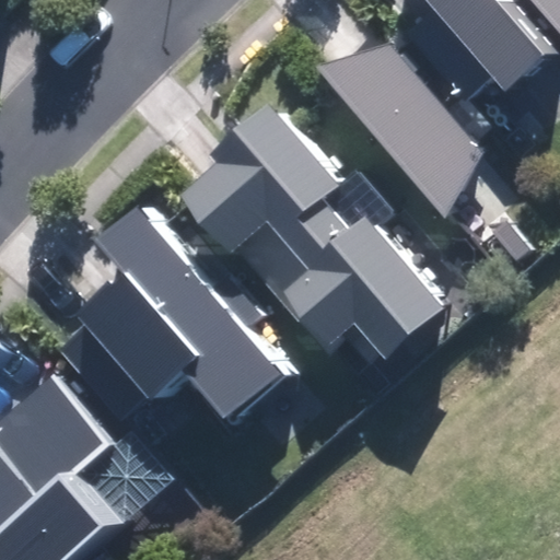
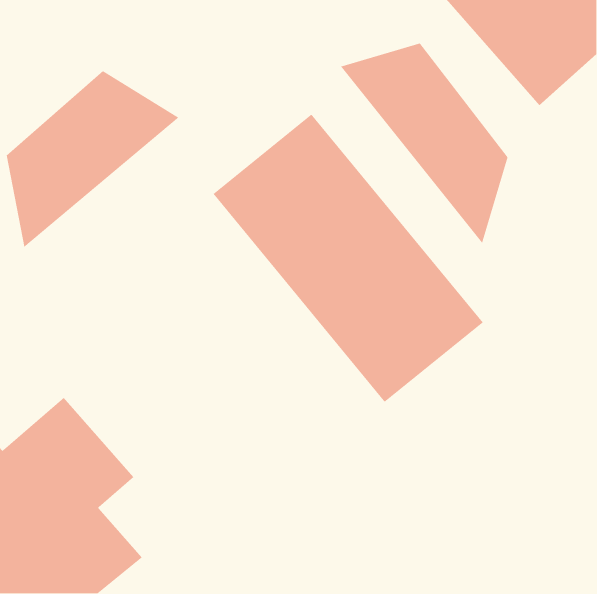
building: none -> [6,70,180,248]
building: [74,211,278,428] -> none

